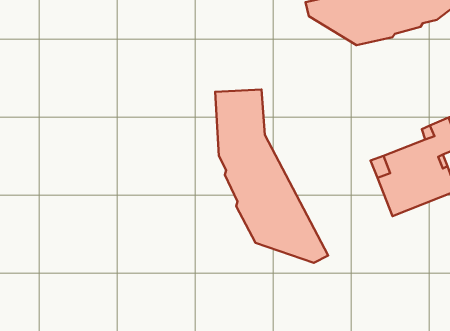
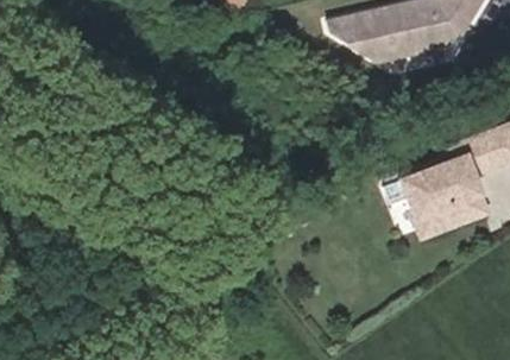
building: [215,89,328,263] -> none

